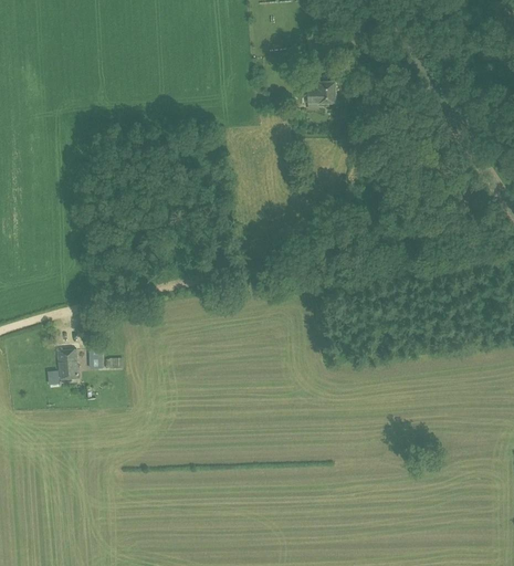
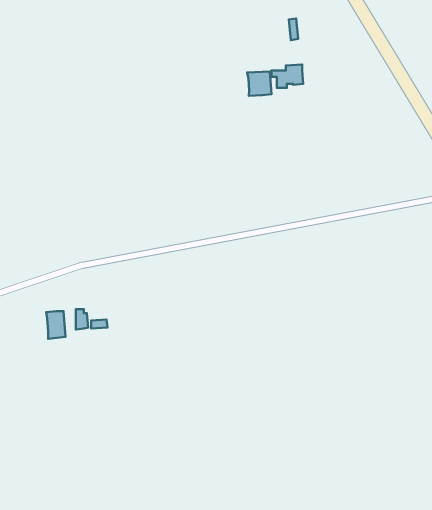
building: none -> [247,72,271,96]

